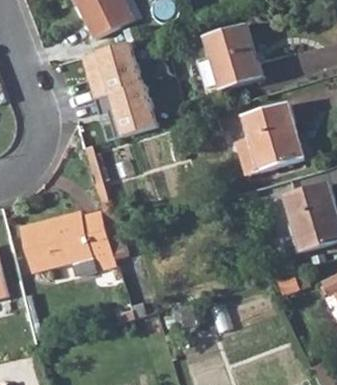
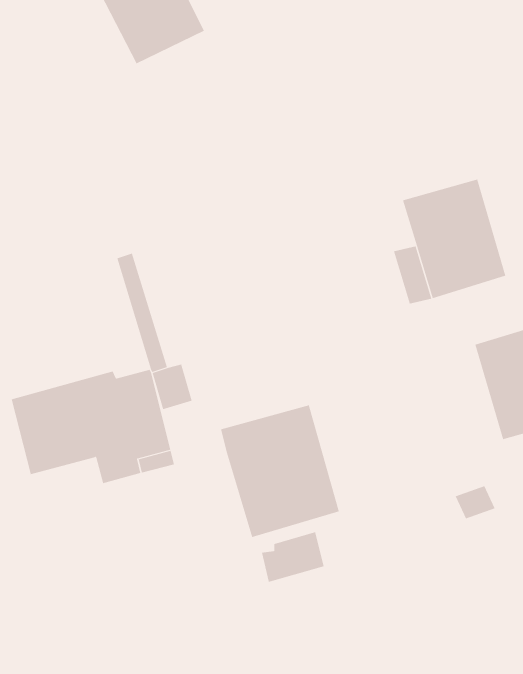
building: [197,25,260,92] -> none
building: [80,33,156,128] -> none
building: none -> [221,404,339,538]

